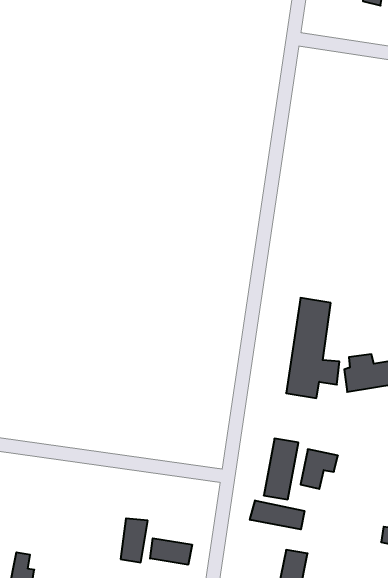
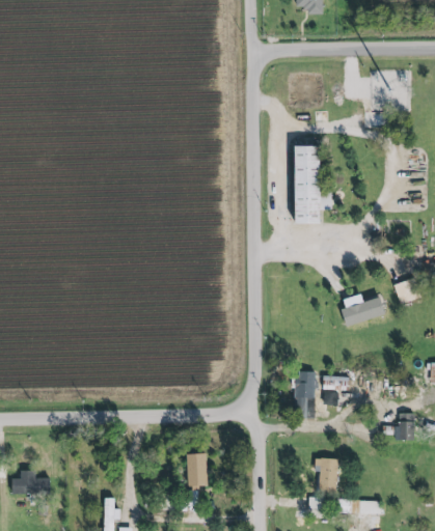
building: [286,298,339,398] -> [292,145,332,223]
building: [250,500,304,529] -> none
building: [150,538,192,565] -> none

